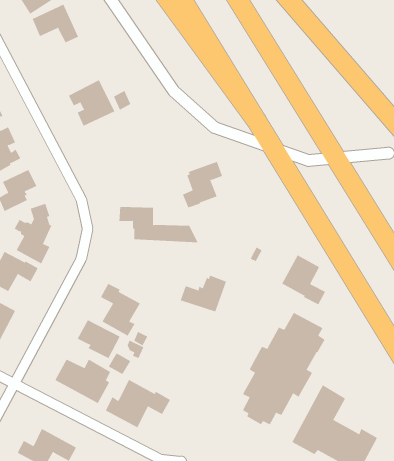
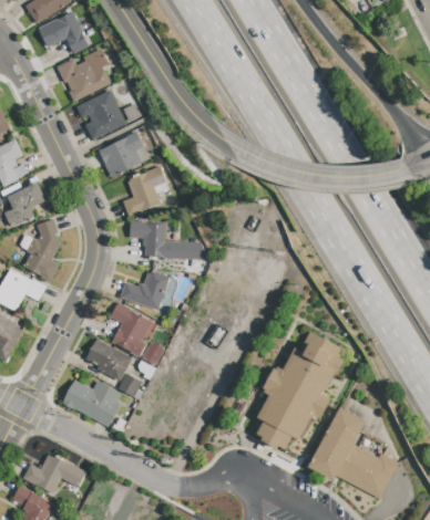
building: none -> [57,49,110,102]
building: none -> [99,133,143,177]
building: [182,161,223,208] -> [123,167,165,216]
building: [281,255,326,305] -> none
building: [180,275,227,312] -> [120,271,168,310]
building: [105,379,171,428] -> none

